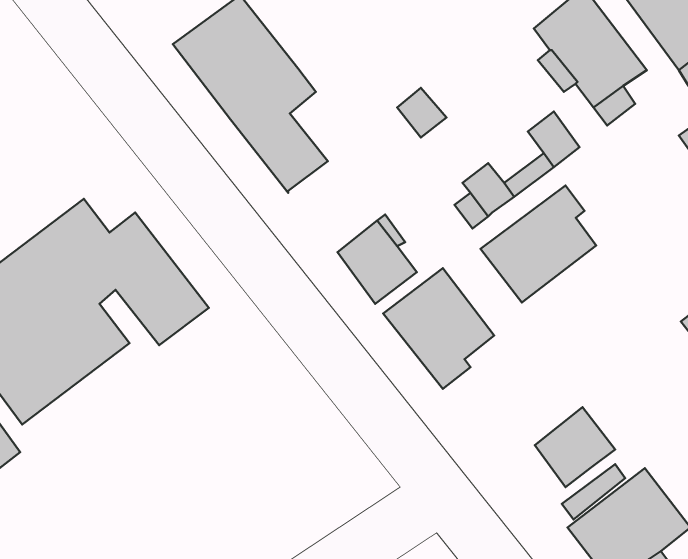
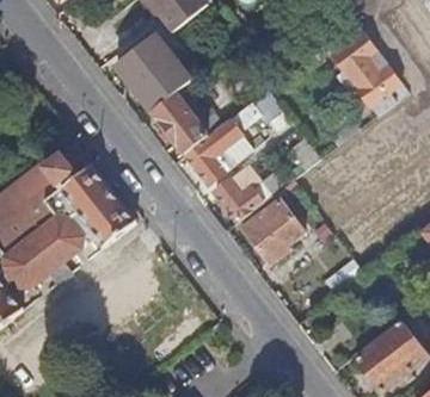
building: none -> [186,118,244,182]
building: [481,185,596,302] -> none
building: [535,407,615,487] -> none

